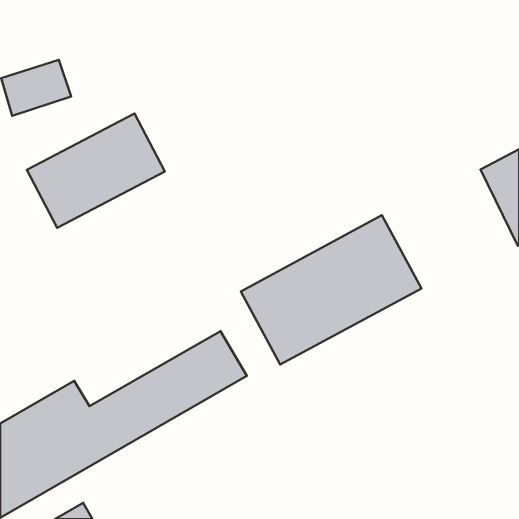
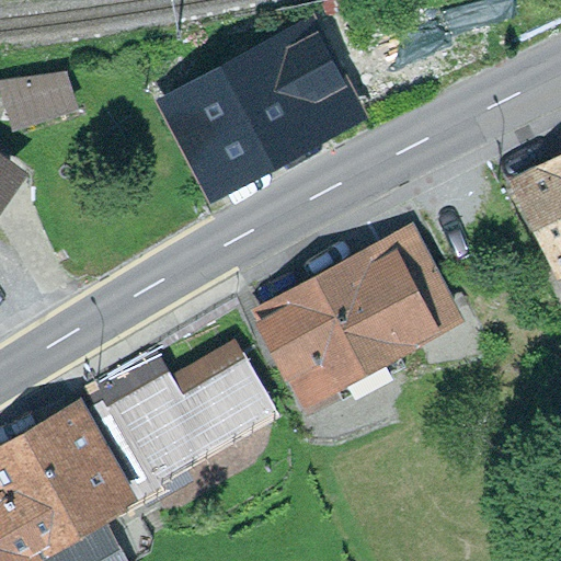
building: none -> [171,35,342,178]
building: [27,114,165,228] -> none

